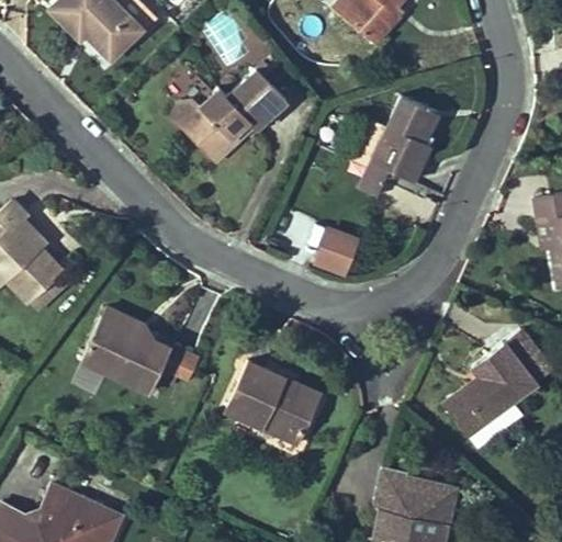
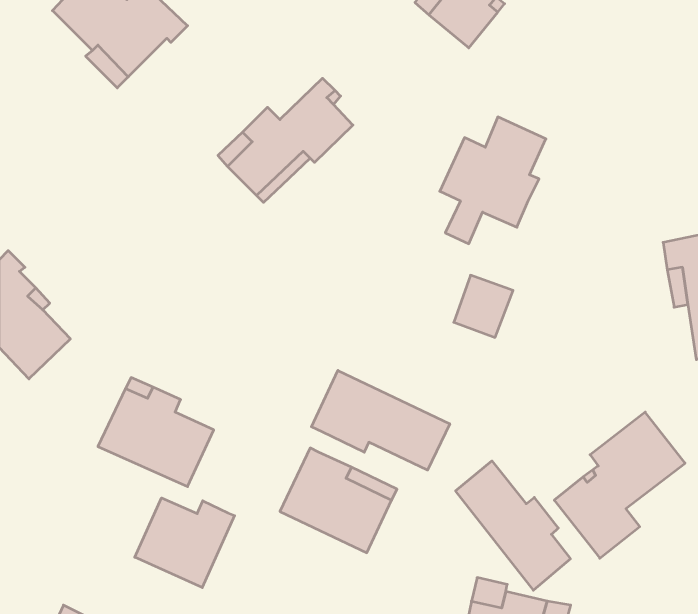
building: [316,224,363,273] -> [454,275,513,337]
building: none -> [311,370,450,470]
building: none -> [456,461,570,590]
building: none -> [135,498,235,588]

